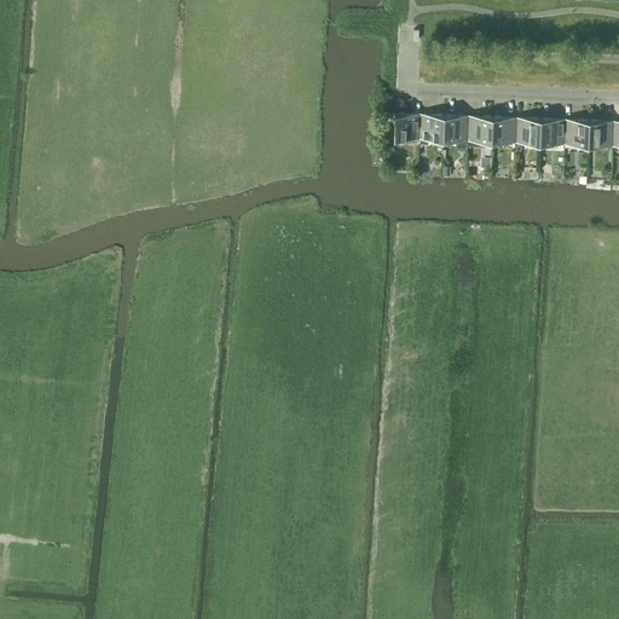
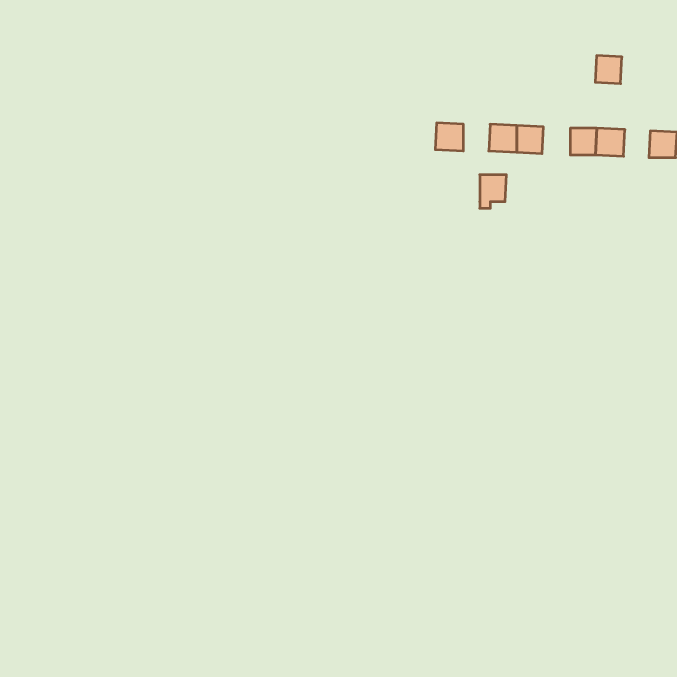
building: [424,117,449,147] -> [480,175,506,208]
building: [496,120,521,145] -> none
building: [569,122,594,147] -> [595,56,622,84]

